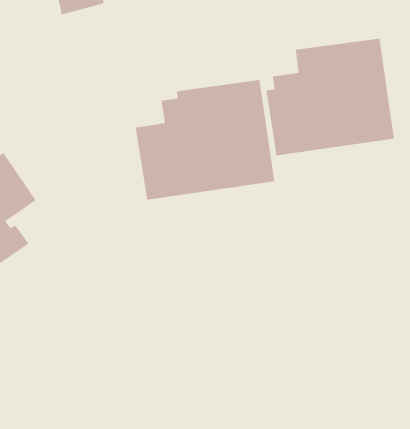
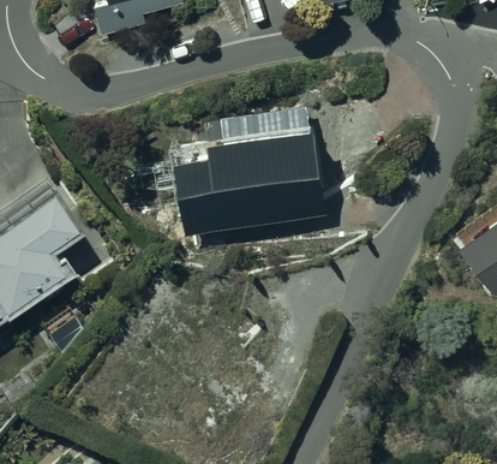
building: [266,38,395,156] -> none

